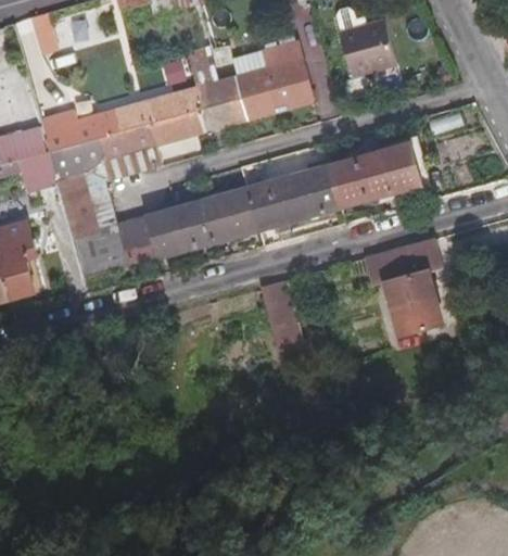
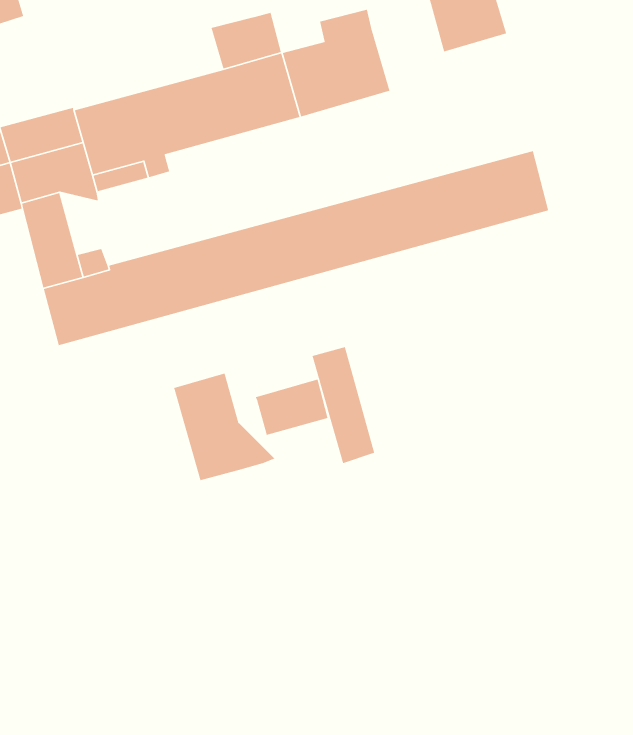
building: [378,237,445,334] -> none
building: none -> [173,373,275,481]
building: none -> [255,379,328,436]

